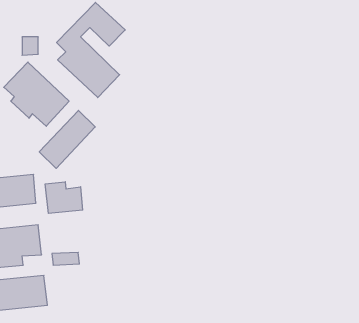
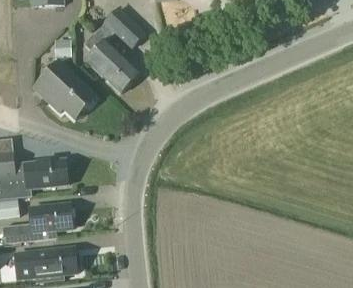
building: [39,110,95,168] -> none
building: [45,182,83,213] -> none

